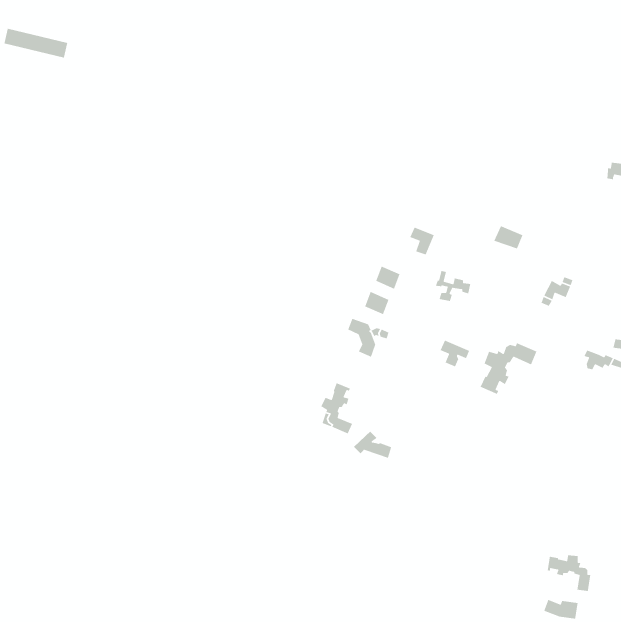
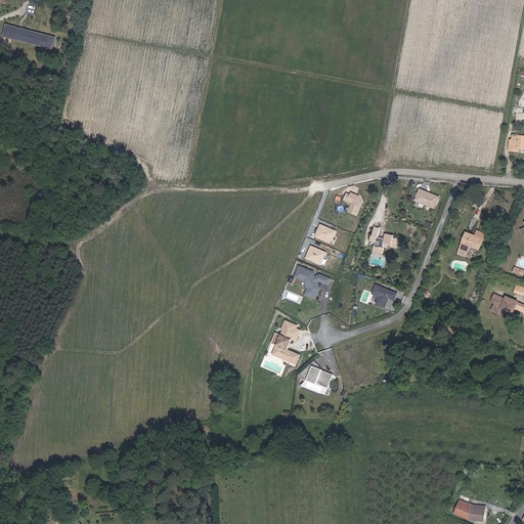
building: [479,342,537,395] -> none
building: [547,554,591,592] -> none

